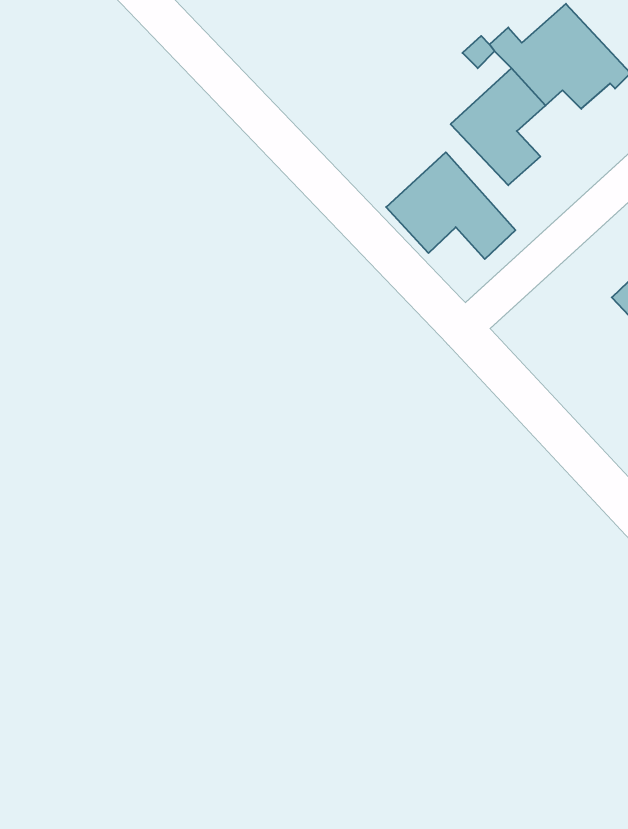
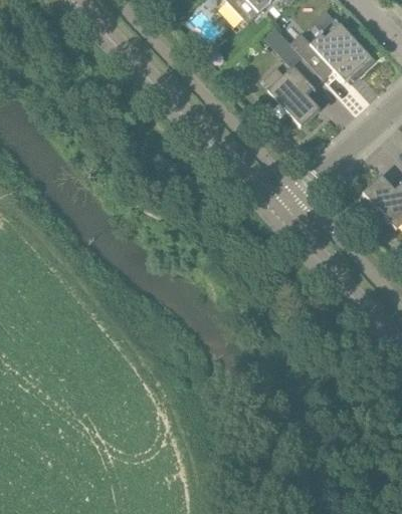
building: [386,152,515,259] -> none

